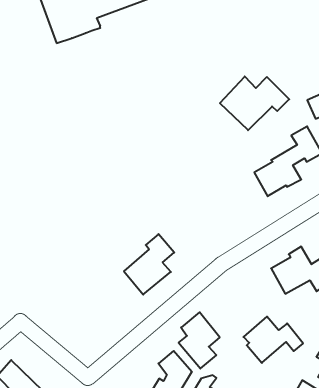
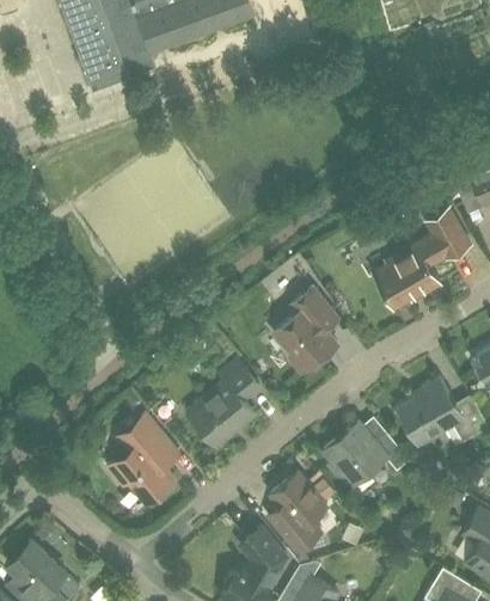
building: [220,76,289,130] -> none
building: none -> [275,288,338,374]
building: none -> [106,412,178,502]
building: [243,317,303,363] -> [325,422,410,487]

